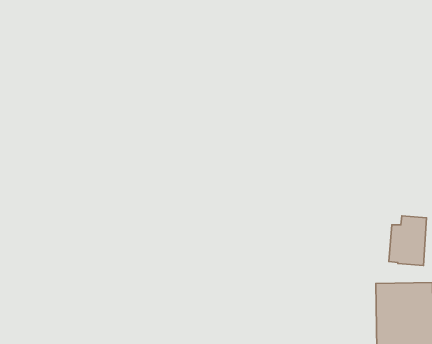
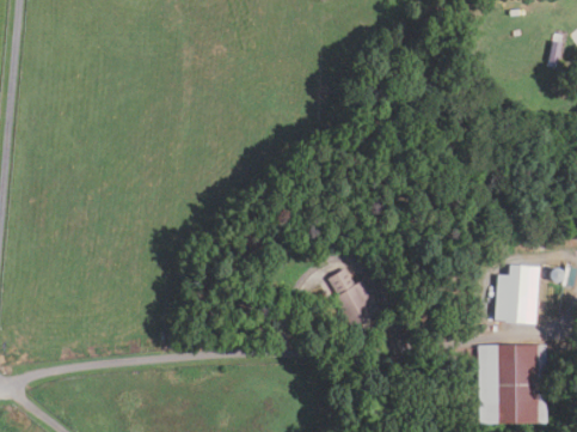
building: none -> [327,267,381,329]

